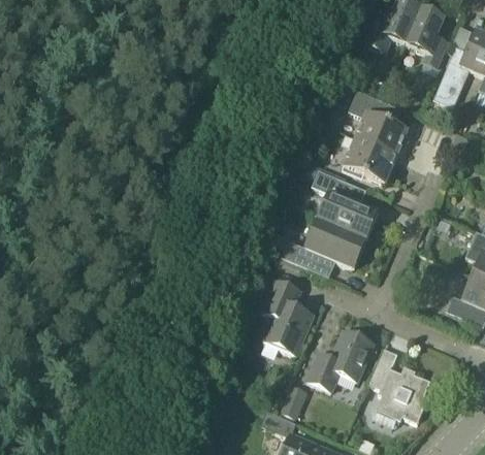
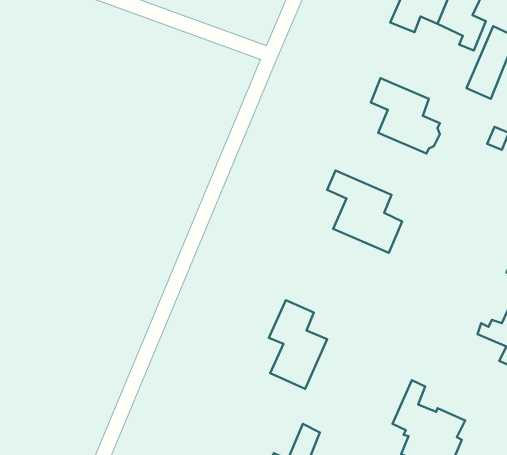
building: [344,136,397,183] -> none
building: [283,218,365,277] -> none
building: [308,329,373,391] -> none

